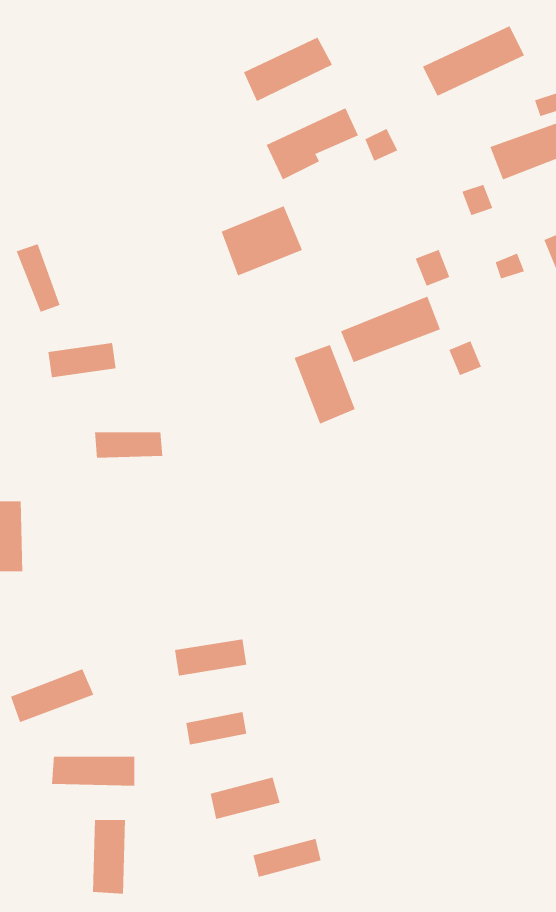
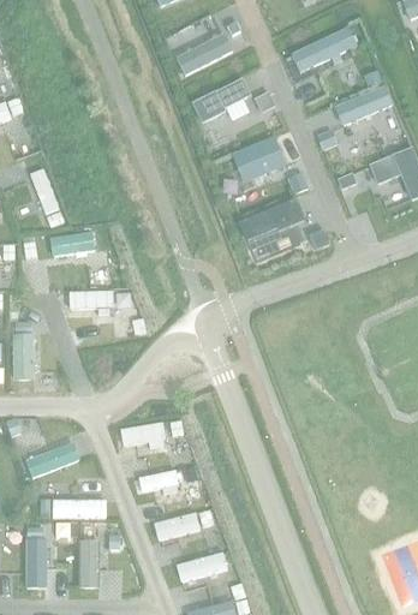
building: [221,205,303,276] -> [232,137,285,183]
building: [294,344,356,425] -> none
building: none -> [25,536,44,586]

